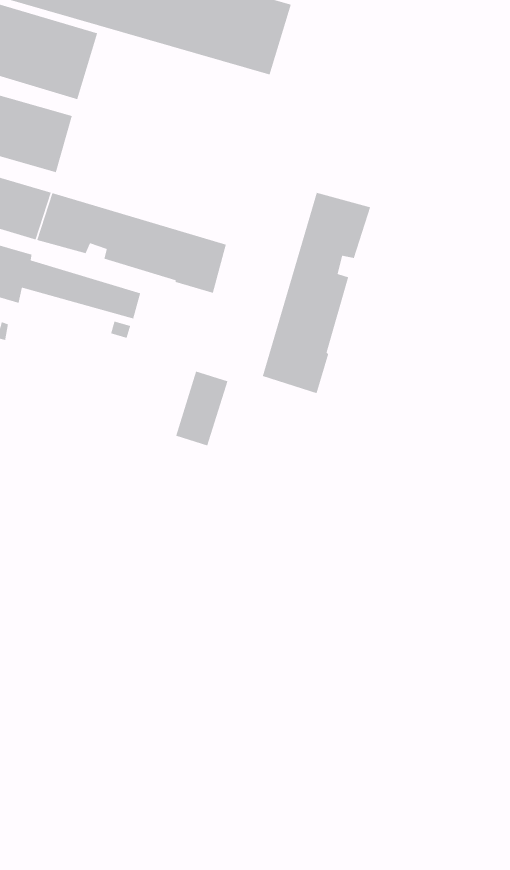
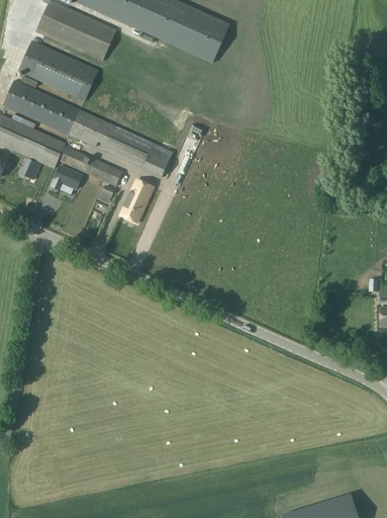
building: [262,192,371,394] -> none
building: none -> [51,162,83,188]
building: [175,370,228,446] -> [120,179,154,222]

